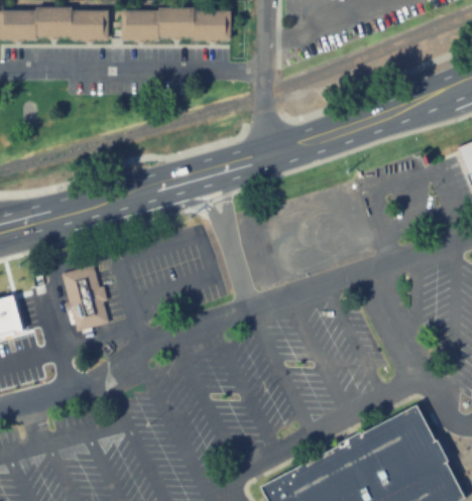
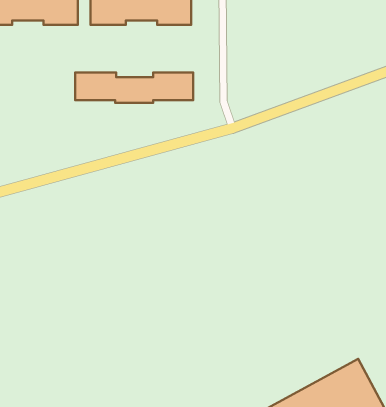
building: none -> [75,72,193,103]
building: [63,265,109,331] -> none

